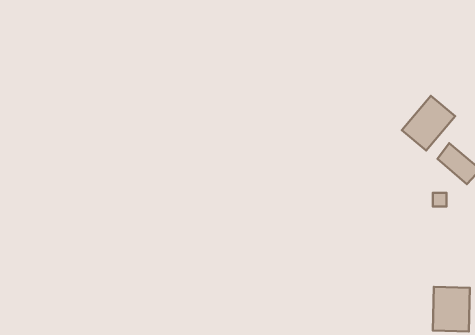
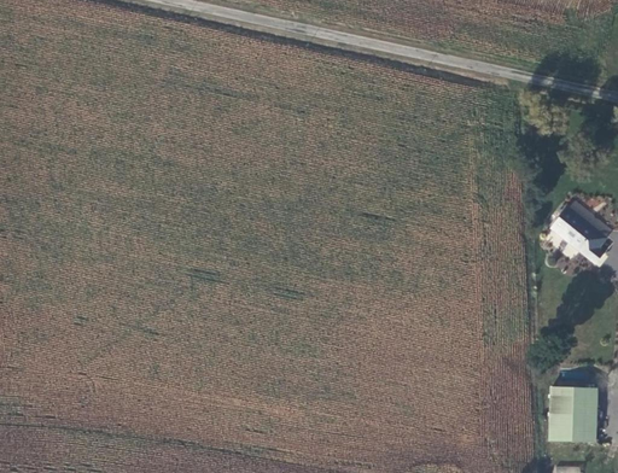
building: [402,96,455,151] -> none

